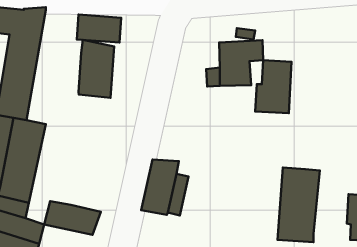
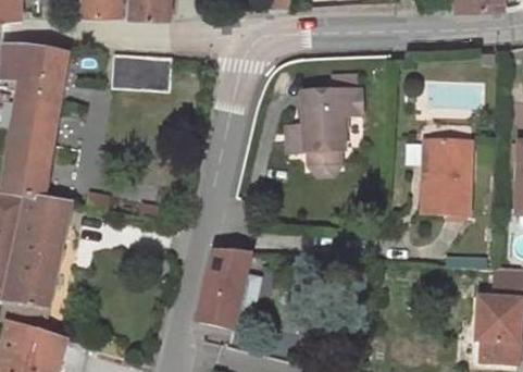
building: [79,40,114,98] -> none
building: [255,60,291,113] -> [423,141,472,213]
building: [277,167,320,242] -> none
building: [44,201,101,235] -> none

